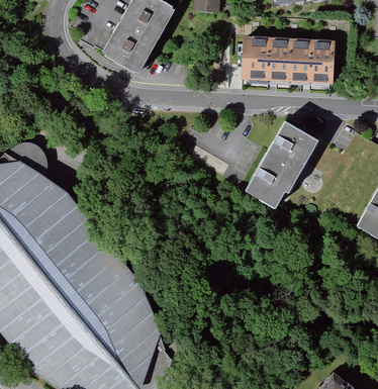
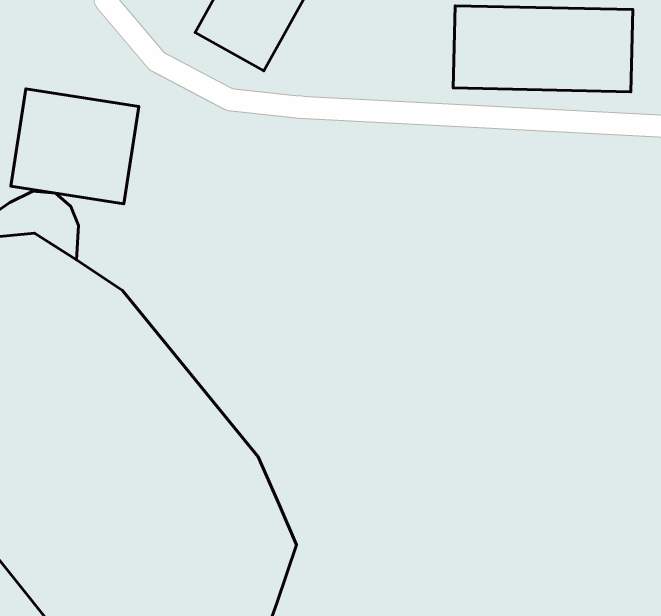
building: none -> [11,89,139,204]
building: [244,118,317,211] -> none

